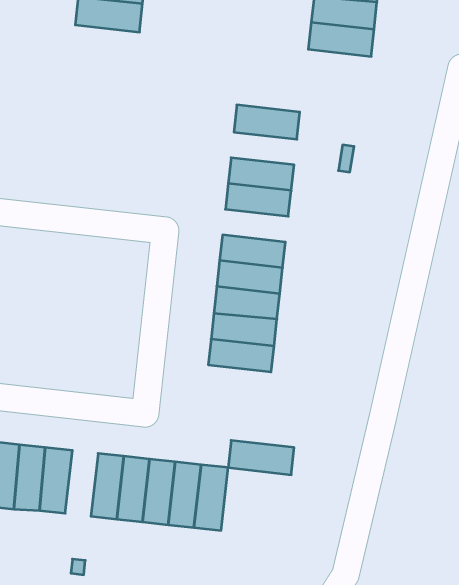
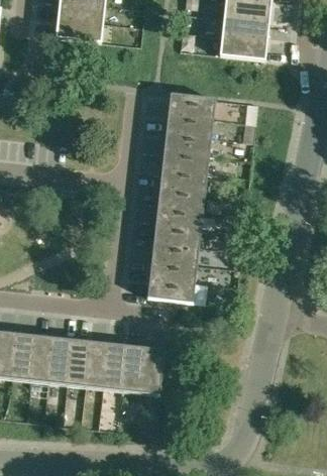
building: none -> [166,112,212,135]
building: none -> [159,166,206,190]
building: [228,440,294,475] -> [147,276,194,301]
building: none -> [48,337,72,383]

